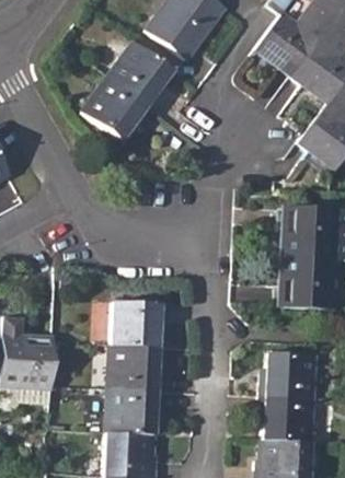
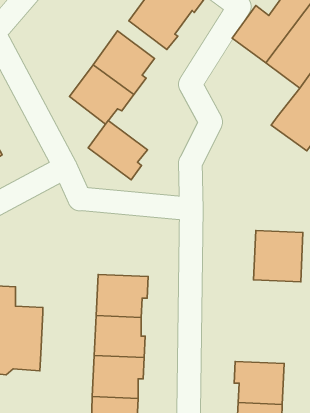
building: none -> [88,121,148,180]
building: [281,205,334,256] -> none
building: [260,351,314,396] -> none

